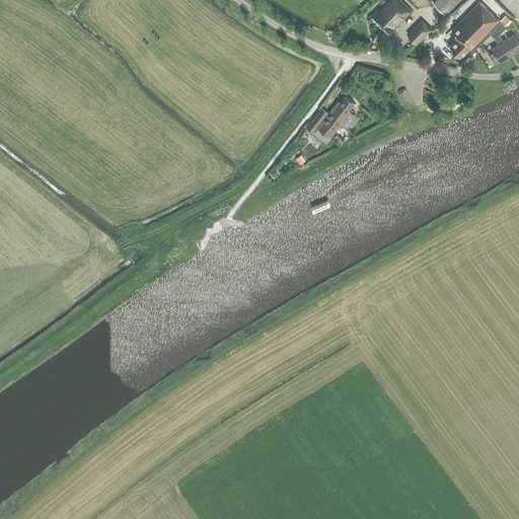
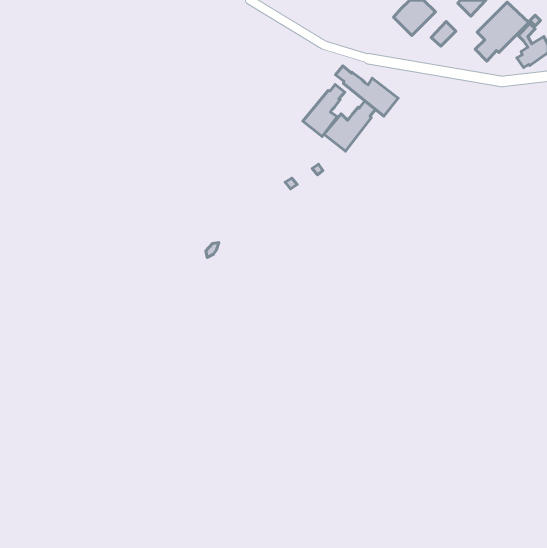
building: none -> [336,66,398,116]
building: none -> [303,85,345,137]

